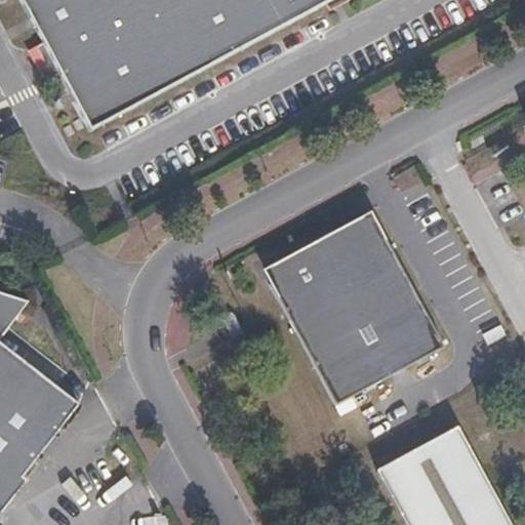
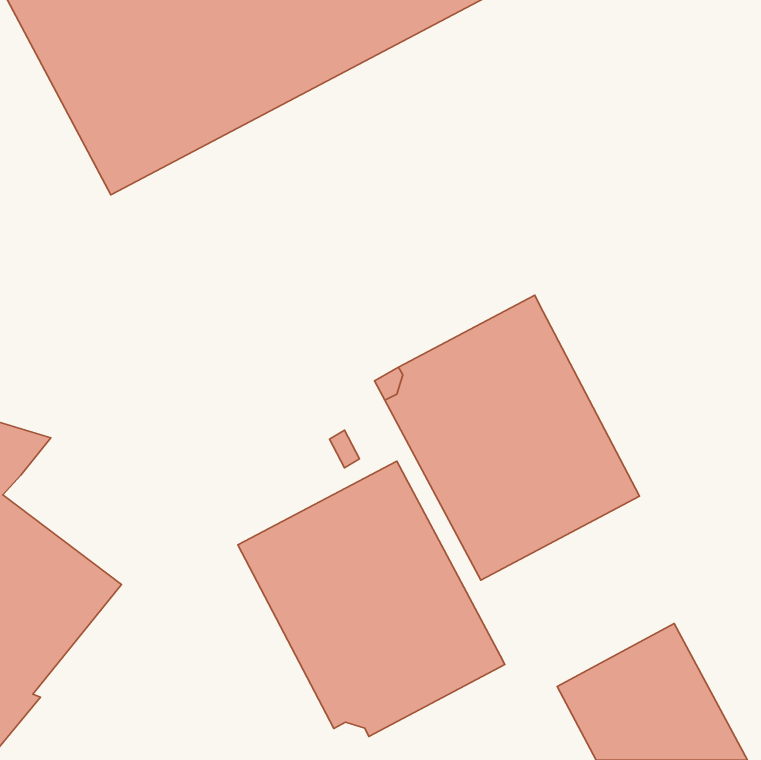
building: none -> [238,461,505,736]

